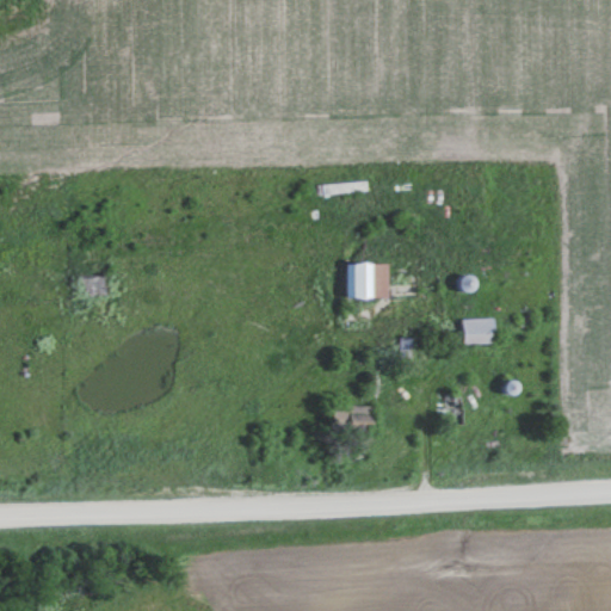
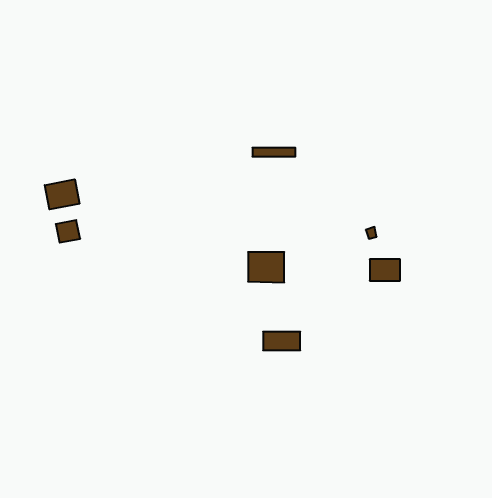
building: none -> [45,179,79,209]
building: [346,263,390,300] -> [248,252,284,282]

